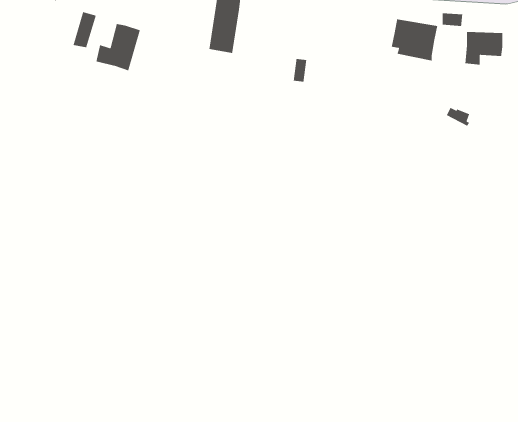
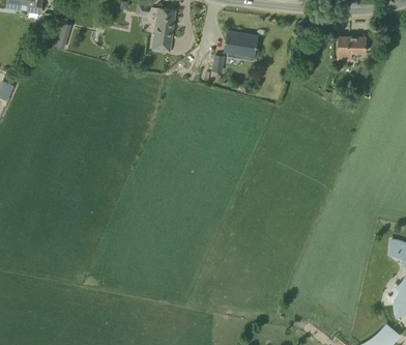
building: [391,18,438,61] -> [224,30,258,61]
building: [95,23,141,71] -> none

